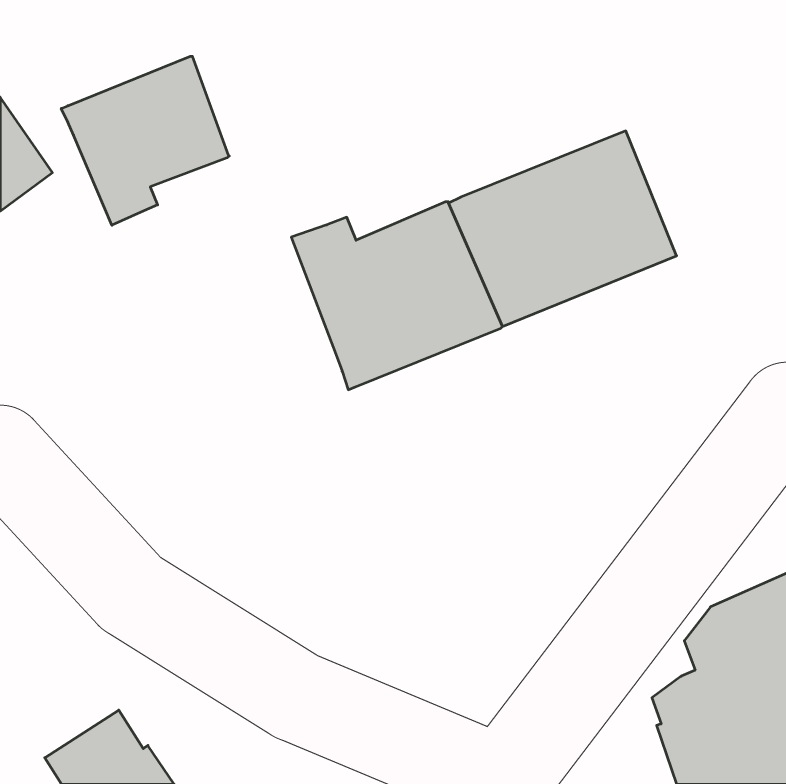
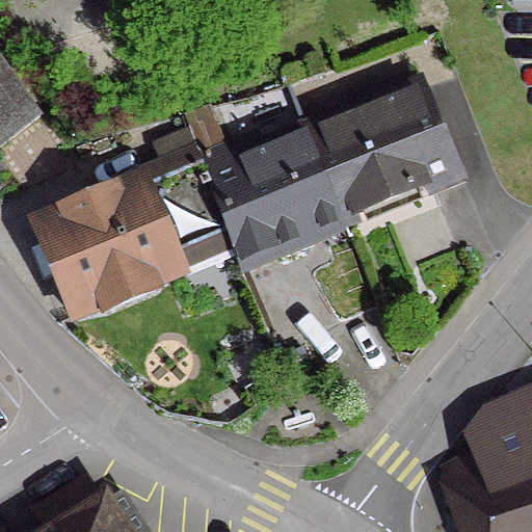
building: [61,56,229,225] -> none
building: none -> [32,156,228,318]

